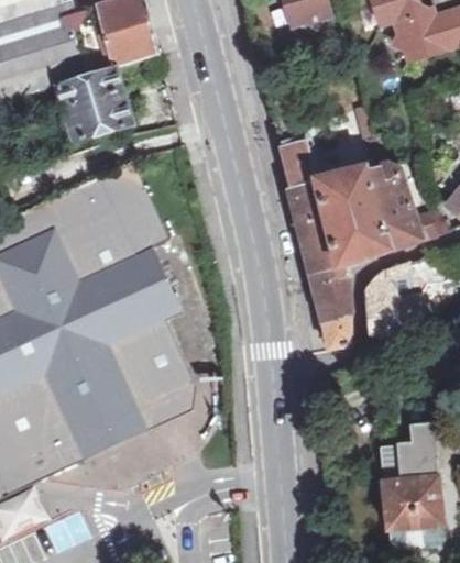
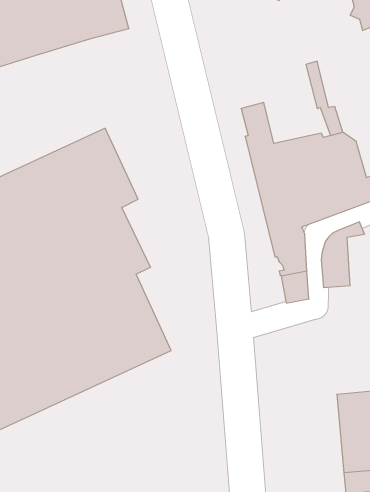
building: [58,67,133,143] -> none

